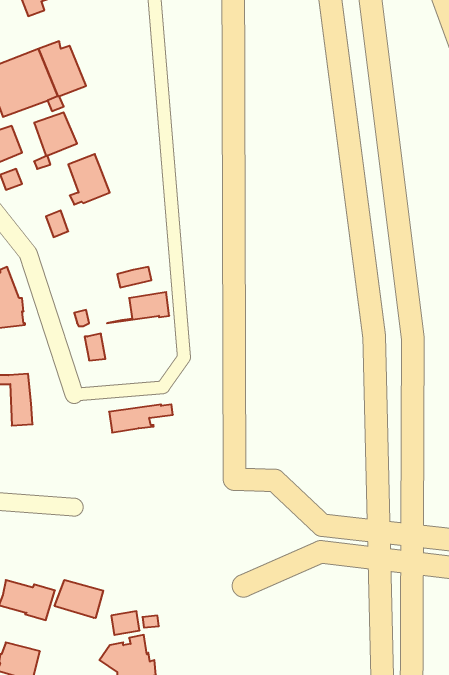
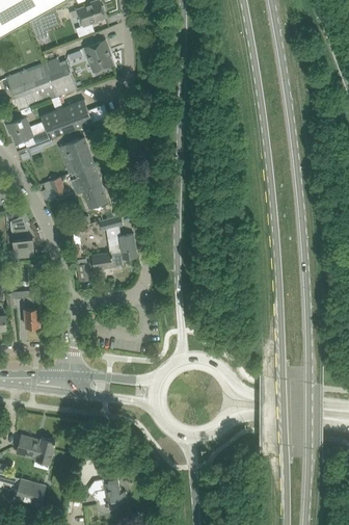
building: none -> [83,41,112,72]
building: none -> [61,100,108,130]
building: none -> [71,164,108,209]
building: [109,404,173,433] -> [91,251,136,270]
building: [55,580,103,618] -> none

